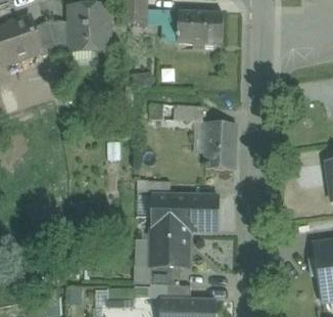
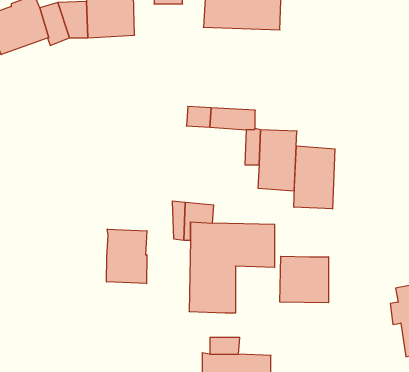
building: none -> [294,146,335,209]
building: none -> [107,229,147,284]
building: none -> [280,256,329,303]
building: [150,265,179,285] -> none

